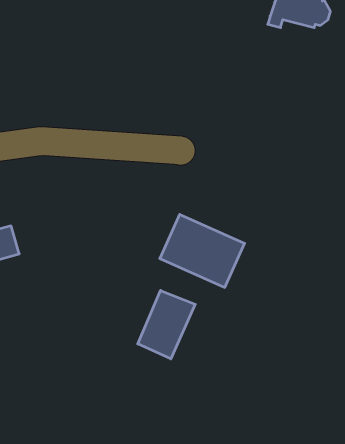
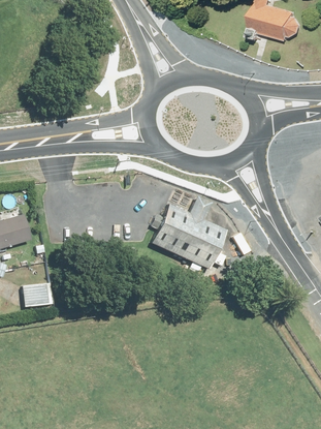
building: [138,290,195,359] -> none
building: none -> [21,281,54,307]

